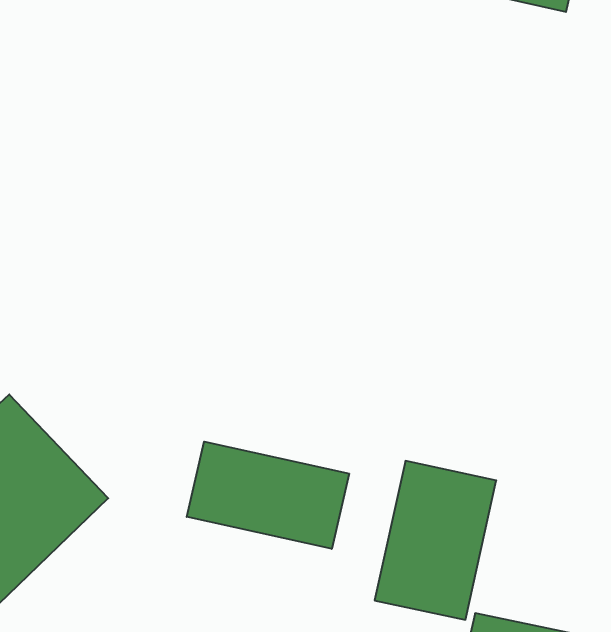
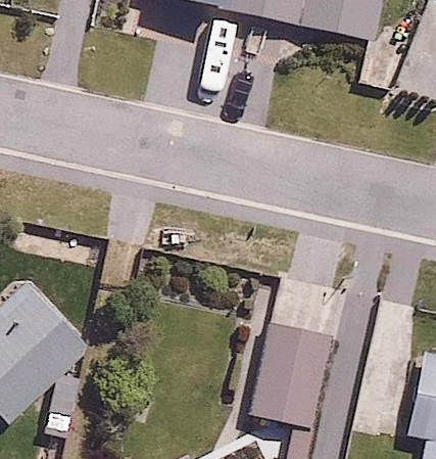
building: [187,442,349,549] -> none

